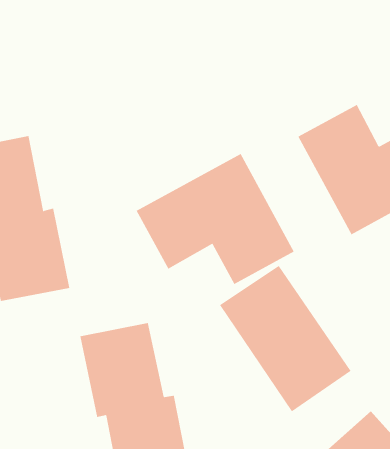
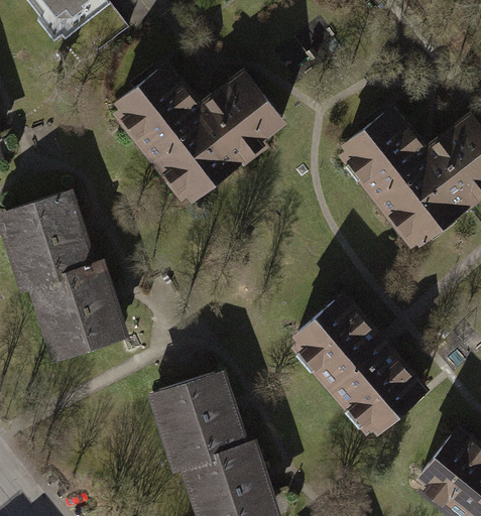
building: none -> [114,67,279,203]
building: [136,153,294,285] -> none

